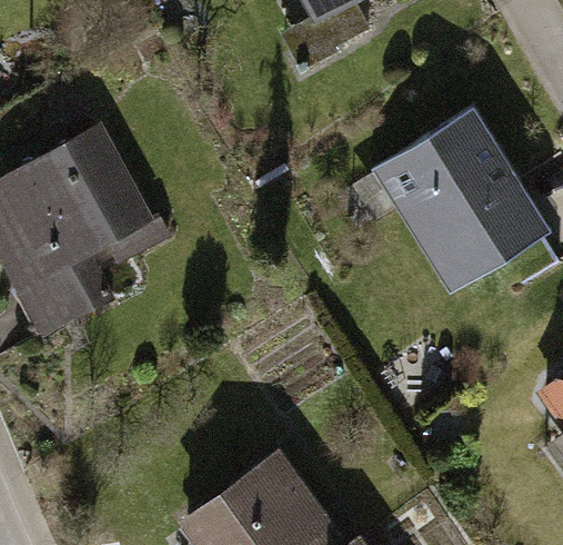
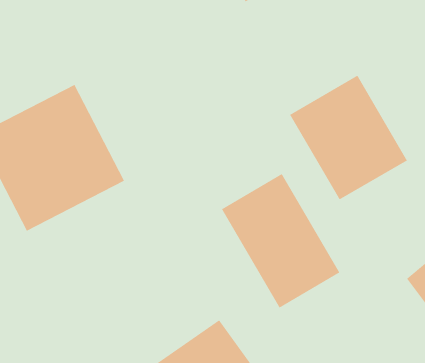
building: none -> [221,173,340,309]

